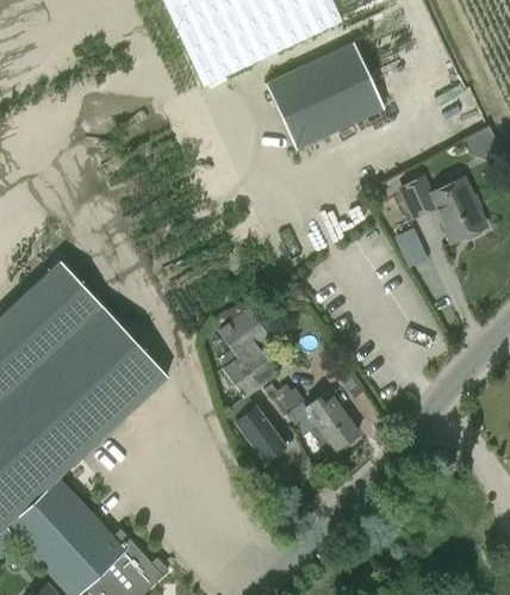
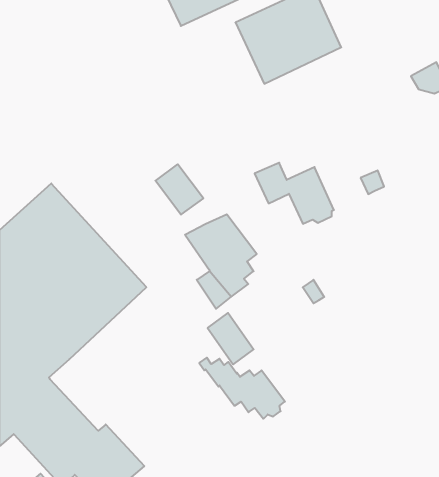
building: [398,174,486,242] -> [255,163,334,224]
building: none -> [155,164,203,215]
building: [265,383,360,451] -> [199,358,285,419]

